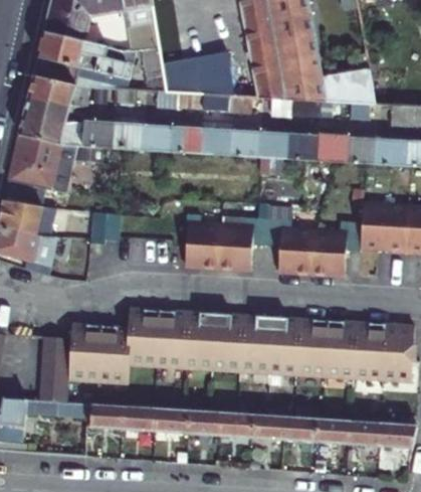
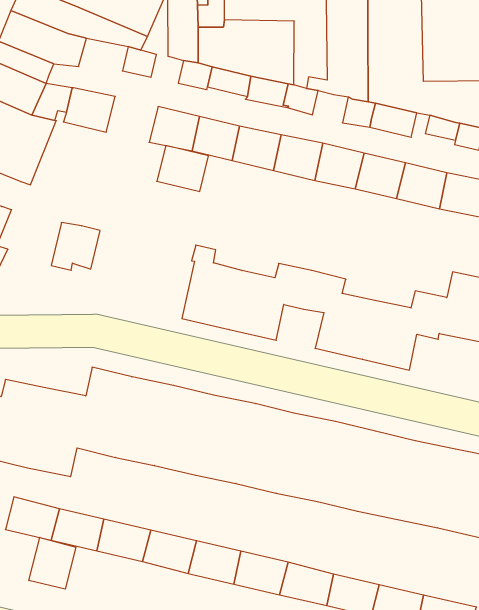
building: [112,122,144,149] -> [157,146,209,191]
building: none -> [29,537,76,589]

